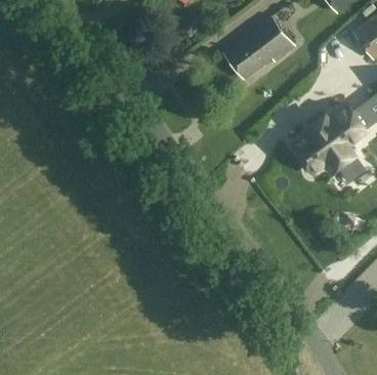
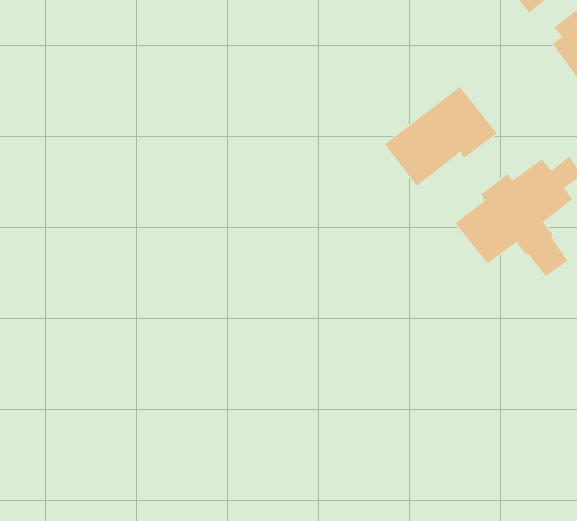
building: [225,16,297,80] -> [384,86,498,186]

